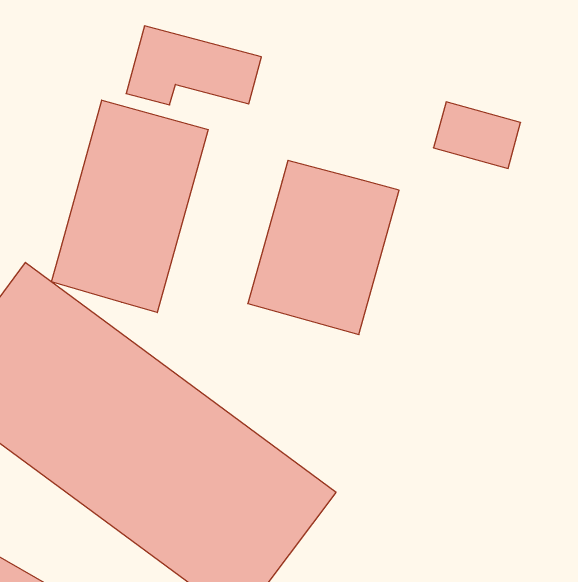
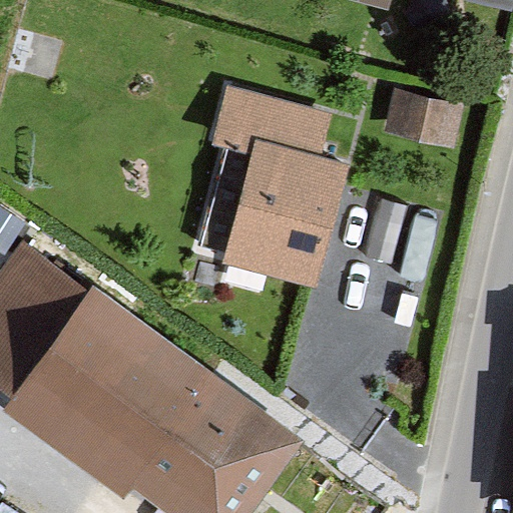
building: [126,26,261,105] -> [208,92,327,161]
building: [52,100,208,313] -> none

